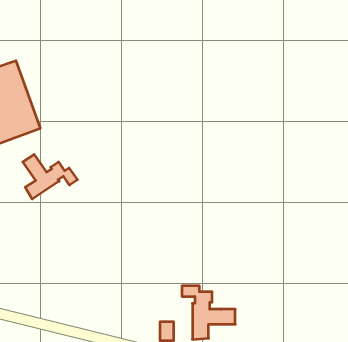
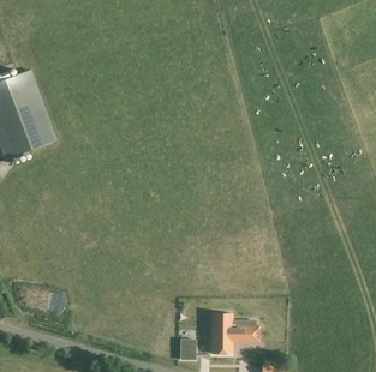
building: [23,154,77,199] -> none

